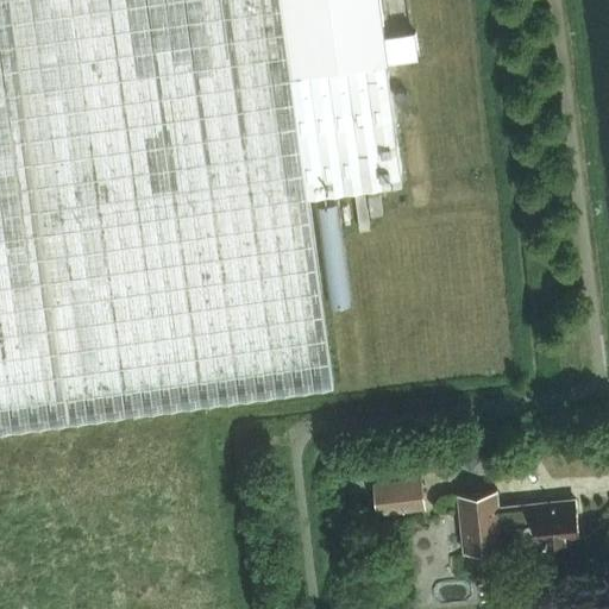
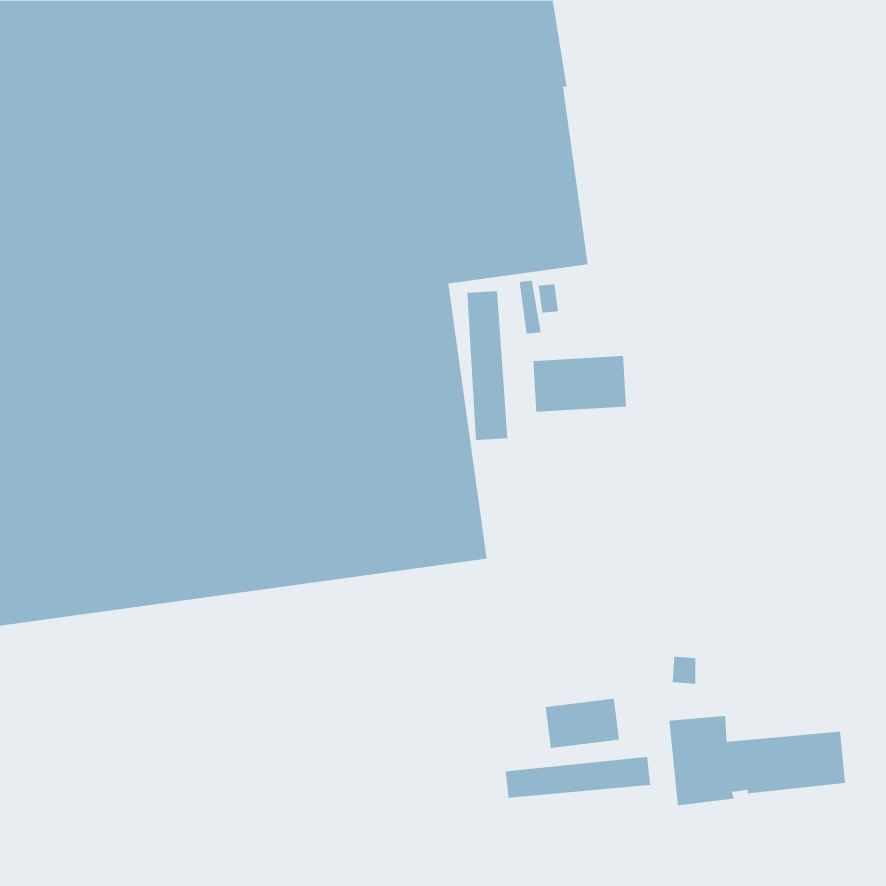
building: none -> [533,355,627,412]
building: none -> [505,756,651,799]

